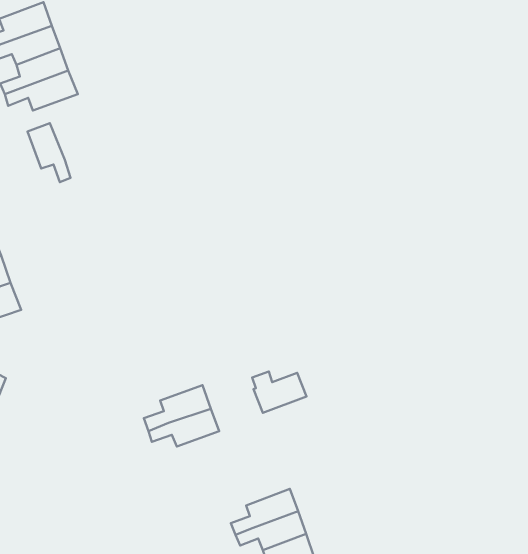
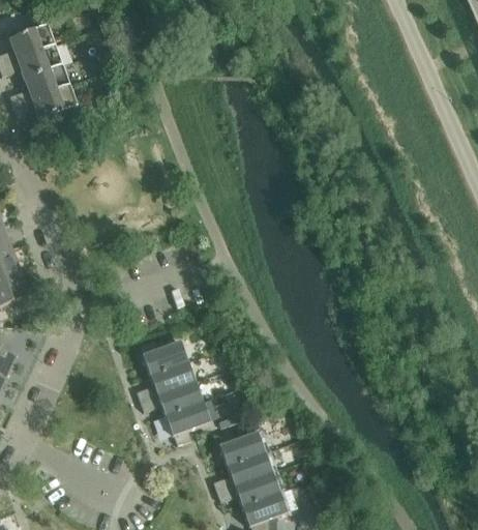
building: [27,123,70,182] -> none
building: none -> [142,336,188,372]
building: [252,372,306,413] -> [217,428,265,464]
building: none -> [166,399,210,441]

